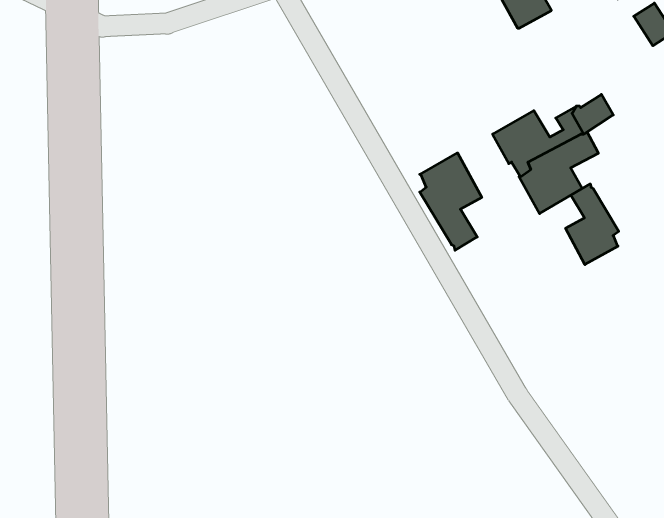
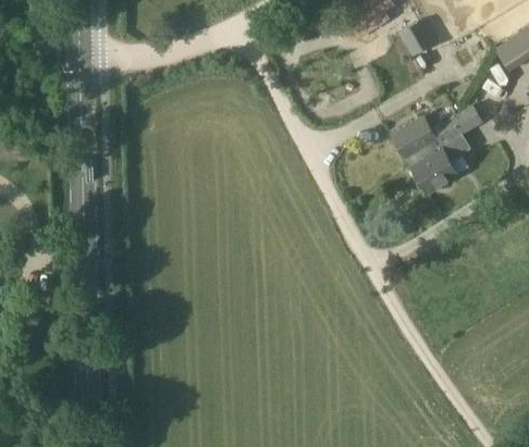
building: [420,153,482,250] -> none
building: [566,184,619,265] -> none

